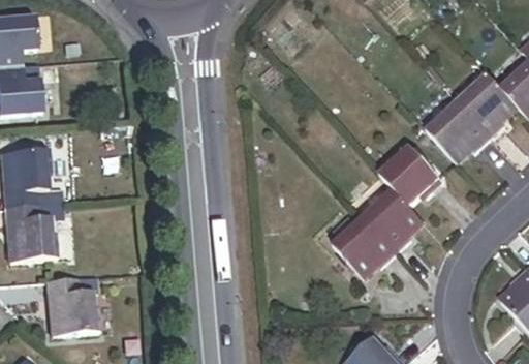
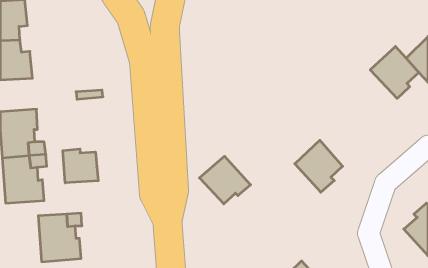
building: [428,100,490,158] -> none
building: [380,144,442,203] -> none
building: none -> [63,149,98,183]
building: [333,216,396,275] -> [199,156,251,204]

